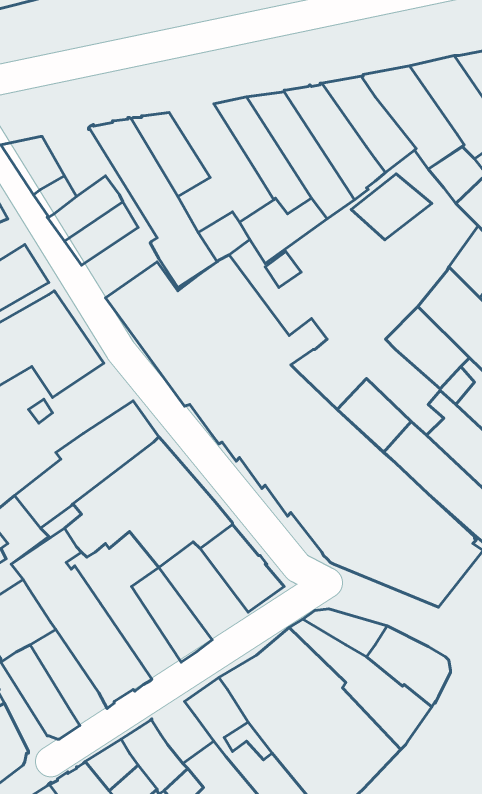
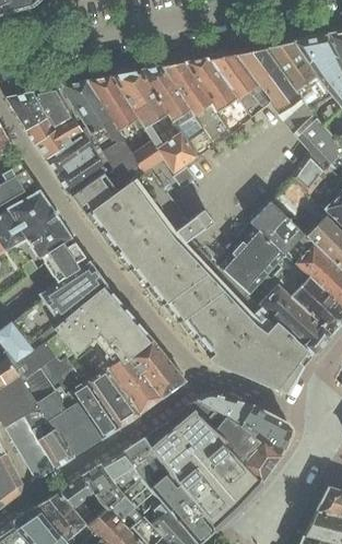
building: none -> [111,72,166,128]
building: none -> [31,88,71,131]
building: [351,174,432,240] -> none
building: none -> [56,151,105,196]
building: none -> [237,228,284,274]
building: none -> [40,237,89,282]
building: none -> [105,351,162,413]
building: none -> [46,357,119,438]
building: none -> [23,406,73,468]
building: none -> [101,452,140,492]

